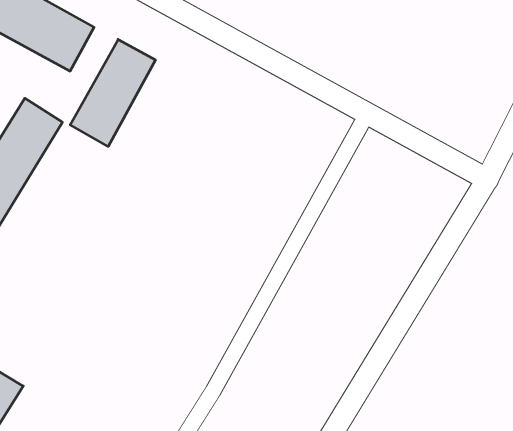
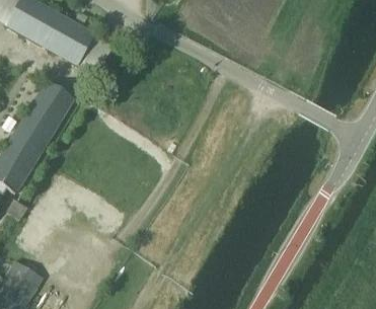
building: [70,39,155,146] -> none

